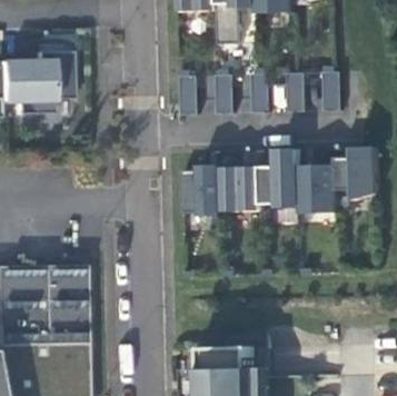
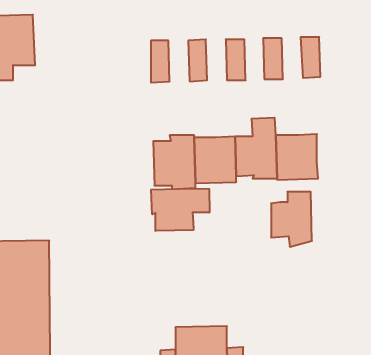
building: [338,148,377,200] -> [271,192,312,247]
building: none -> [151,189,209,231]

